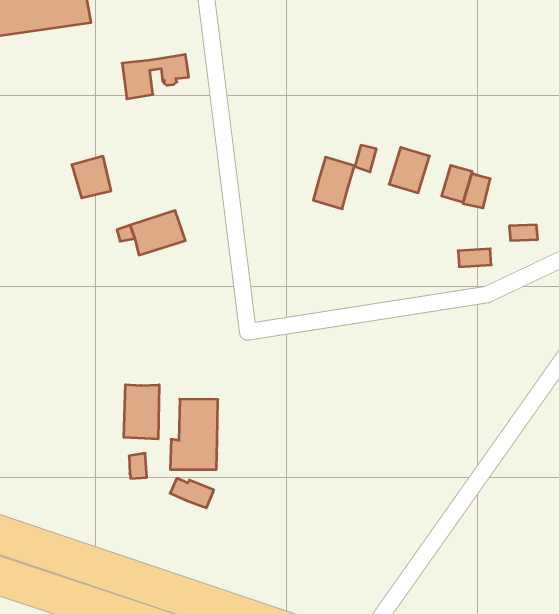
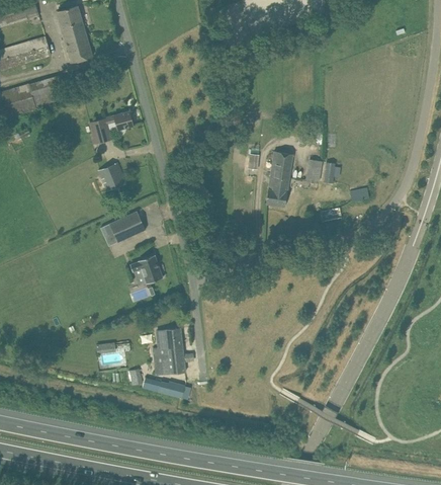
building: [72,156,111,198] -> [98,162,125,190]
building: [313,157,355,209] -> [266,175,289,207]
building: none -> [129,254,163,284]
building: [124,385,159,439] -> none

